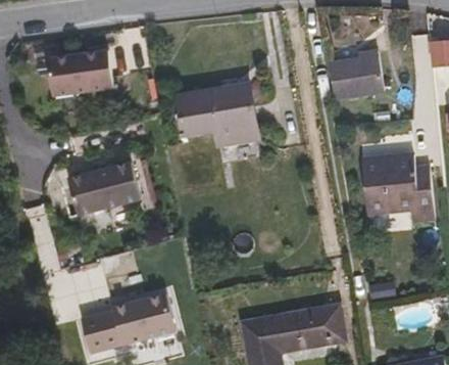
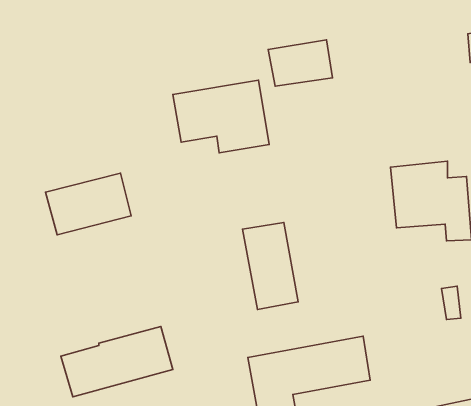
building: [48,50,113,96] -> none
building: [328,56,383,96] -> [268,40,332,86]
building: none -> [243,223,298,310]

